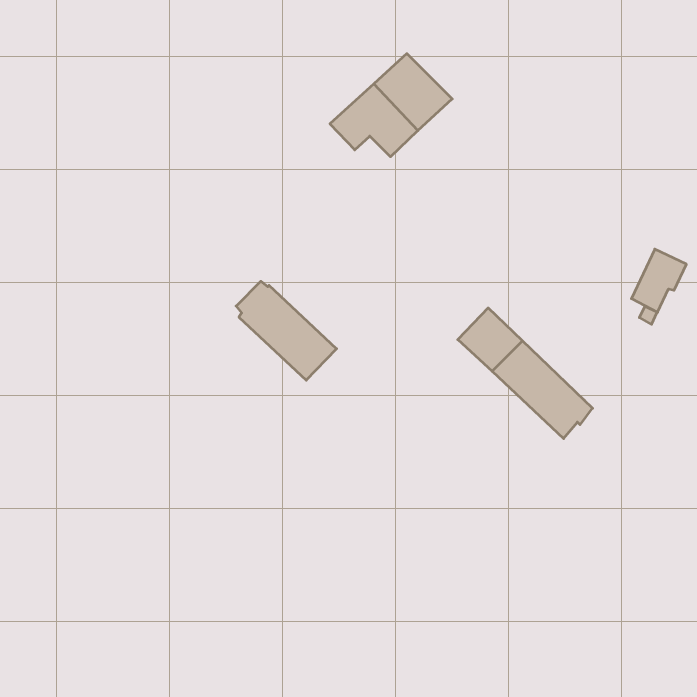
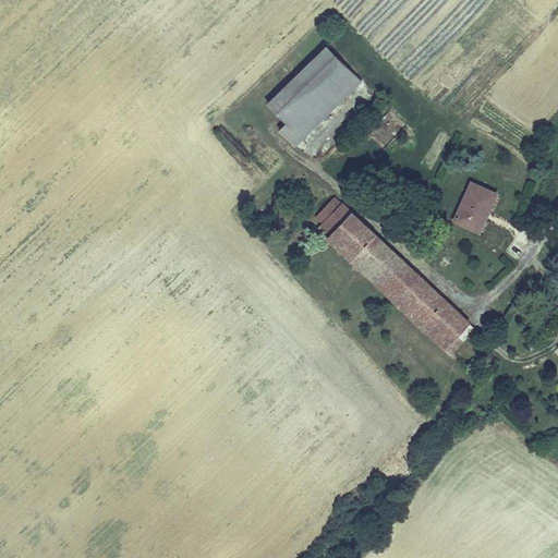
building: none -> [278,112,314,146]
building: [631,249,686,312] -> [452,181,496,231]
building: [236,281,337,380] -> [312,195,391,274]

